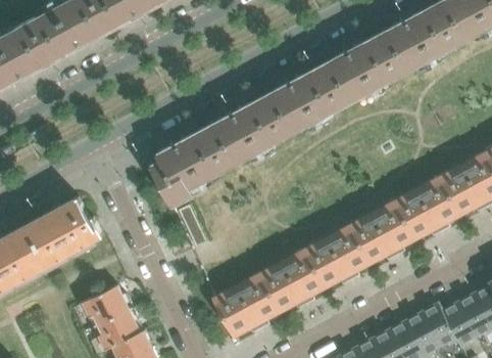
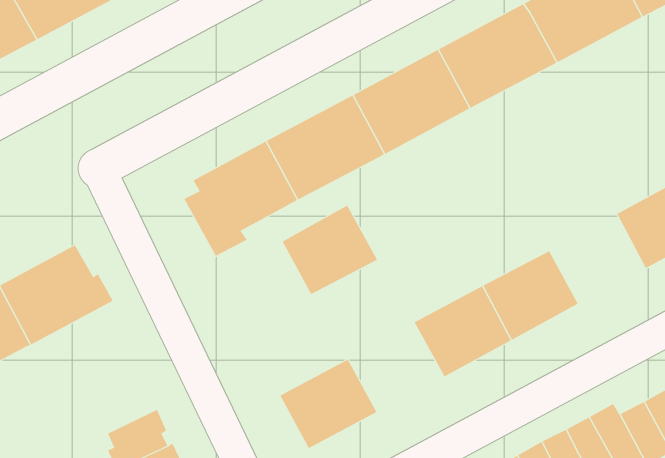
building: [395,177,459,237] -> none
building: [260,250,325,310] -> [282,205,378,295]
building: [78,285,133,324] -> none

